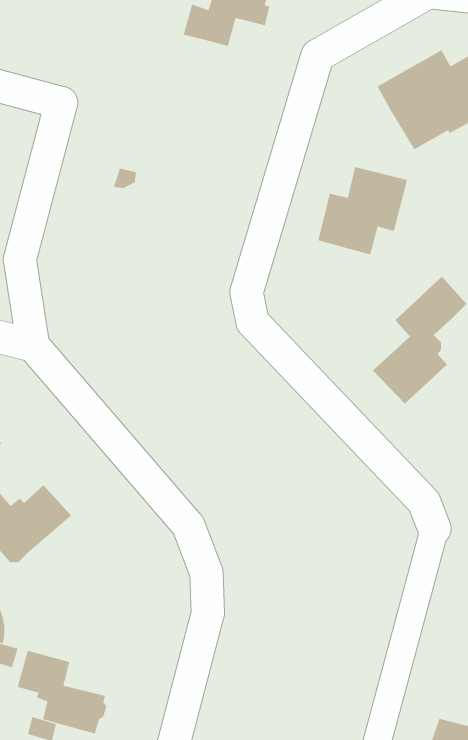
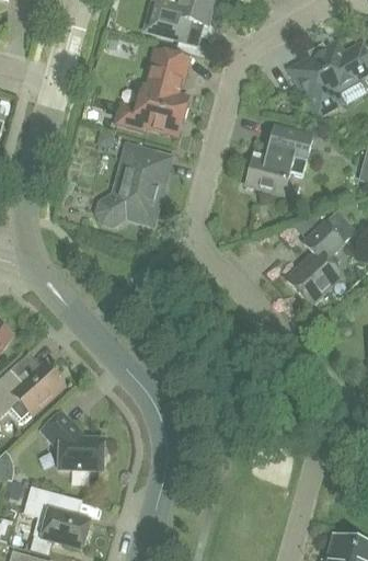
building: none -> [115,50,186,133]
building: none -> [97,144,170,221]
building: none -> [42,410,106,468]

